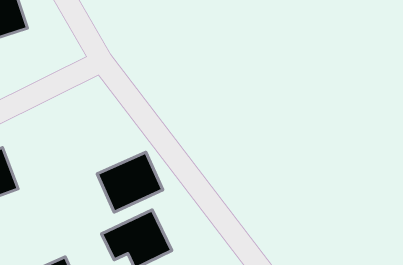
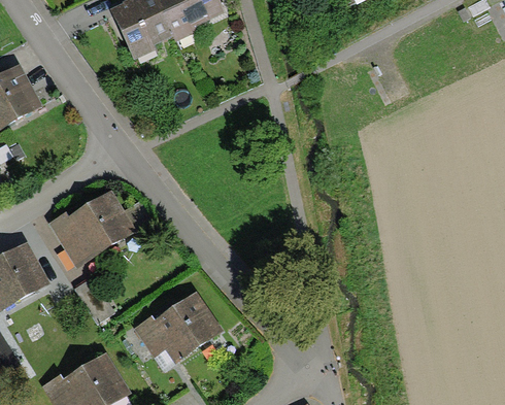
building: [97,152,163,212] -> [55,193,128,262]

